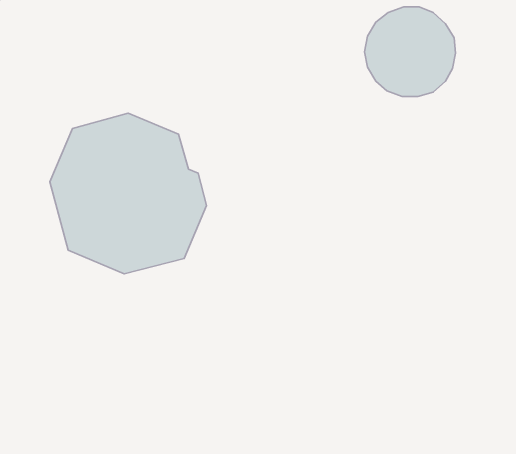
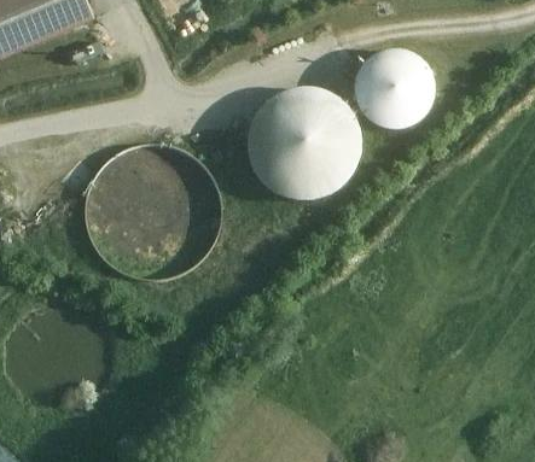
building: none -> [248,87,356,197]

